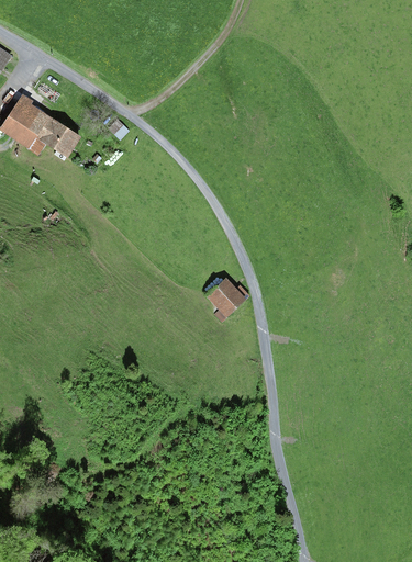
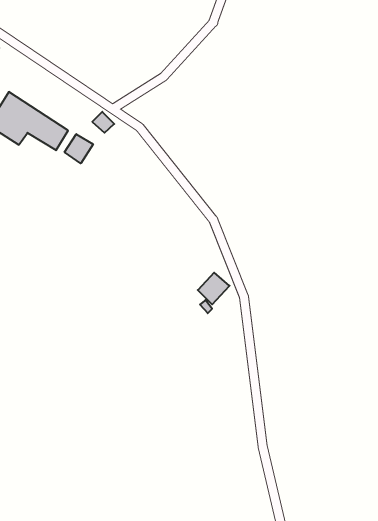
building: none -> [65,134,93,163]

